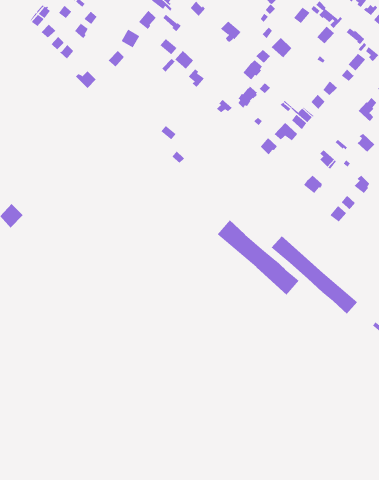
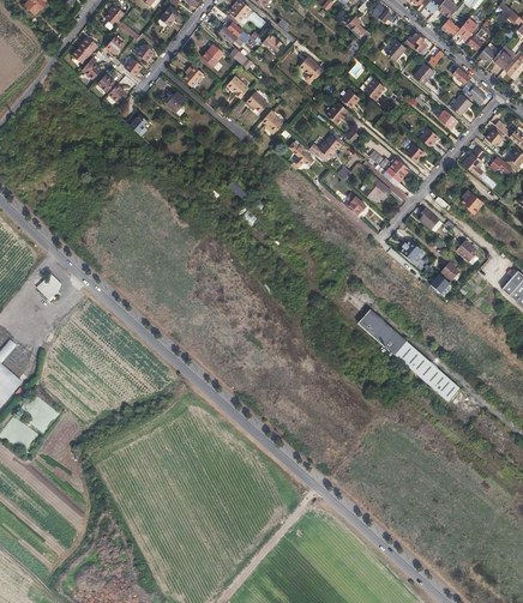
building: [217,219,299,296] -> none

